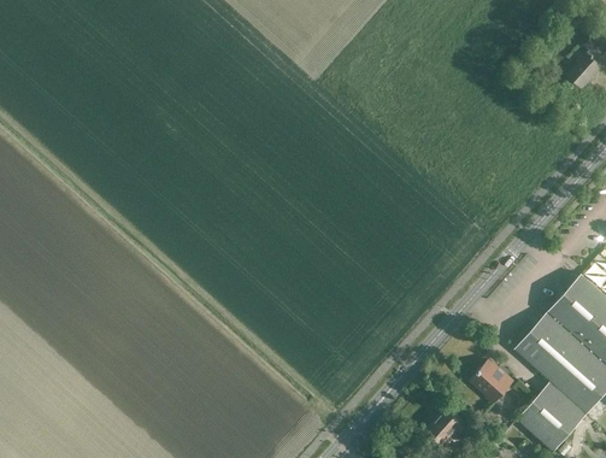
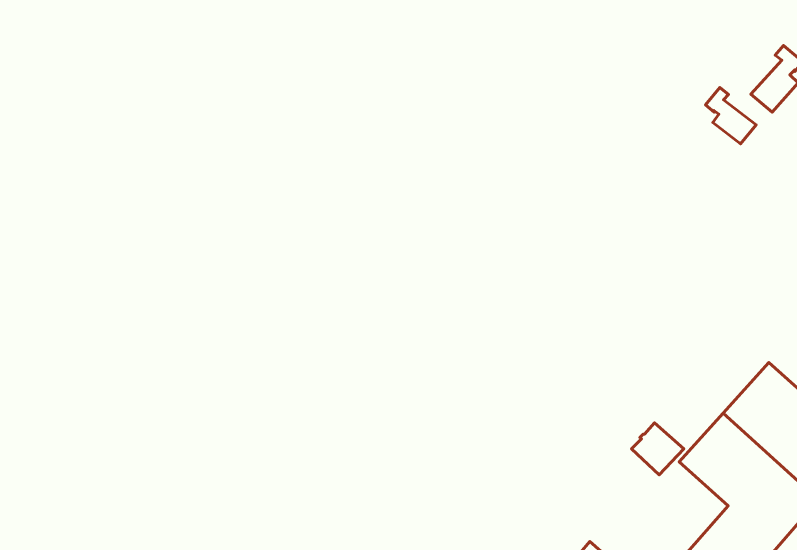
building: none -> [705,87,756,144]
building: [472,362,511,400] -> [632,423,684,475]

